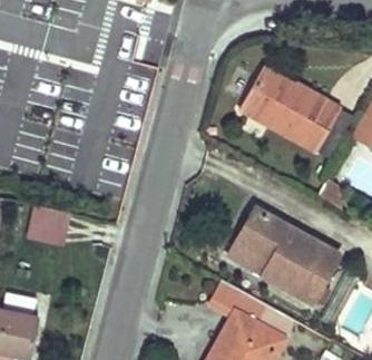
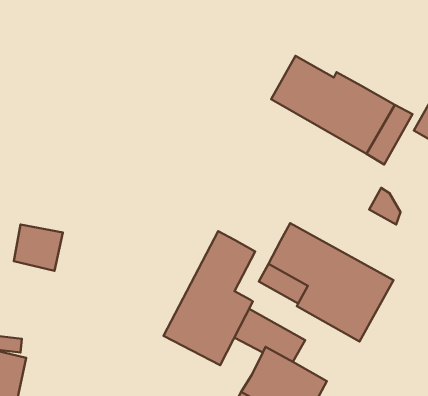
building: none -> [163,231,255,365]

